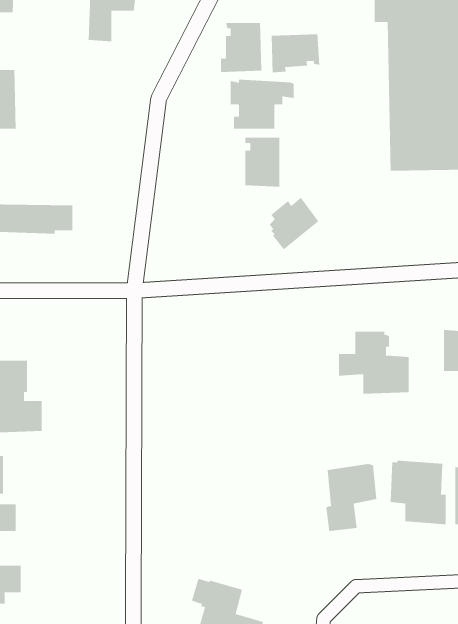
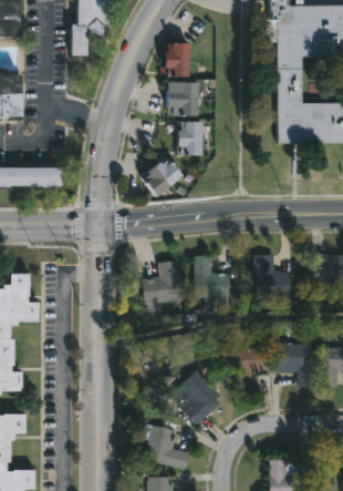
building: [271,33,320,73] -> none
building: [269,197,319,250] -> [147,158,181,195]
building: none -> [195,255,230,305]
building: none -> [144,260,179,304]
building: none -> [172,369,222,426]

